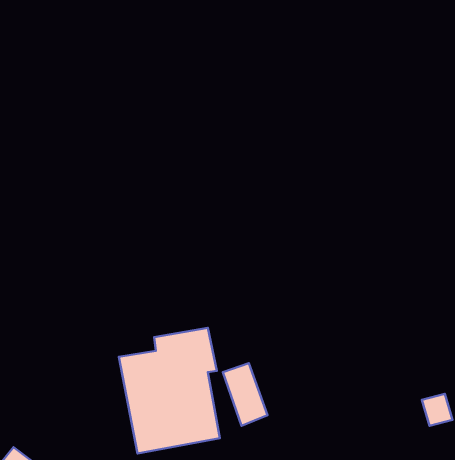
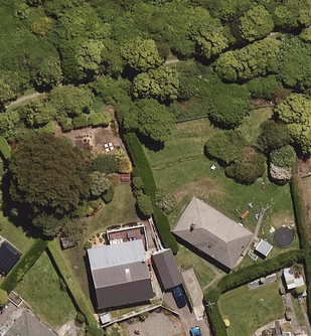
building: none -> [172,196,254,270]

